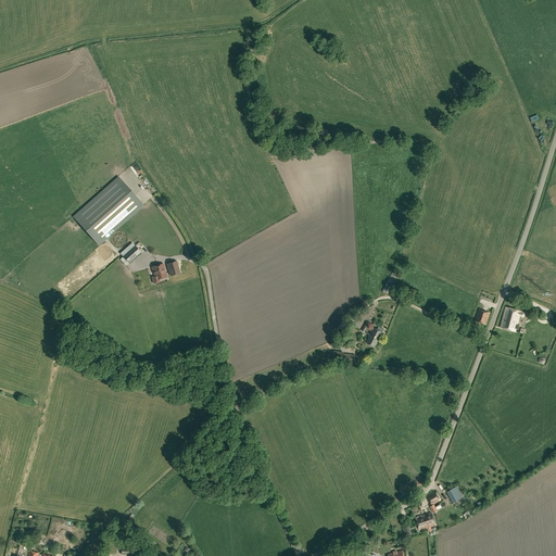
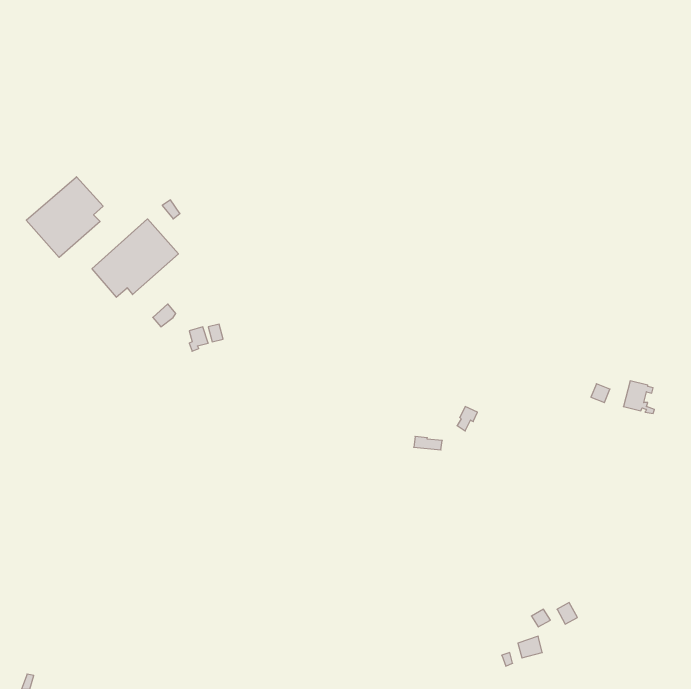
building: none -> [26,177,103,257]

